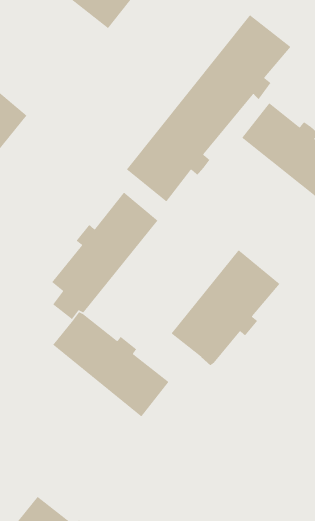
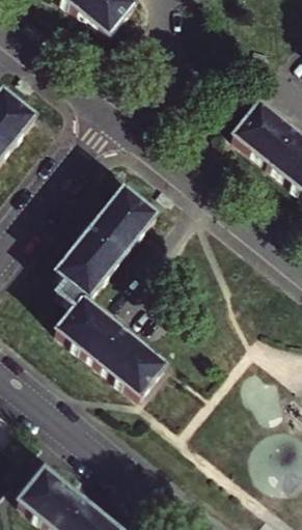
building: [126,14,291,202] -> none
building: [171,249,281,366] -> none

